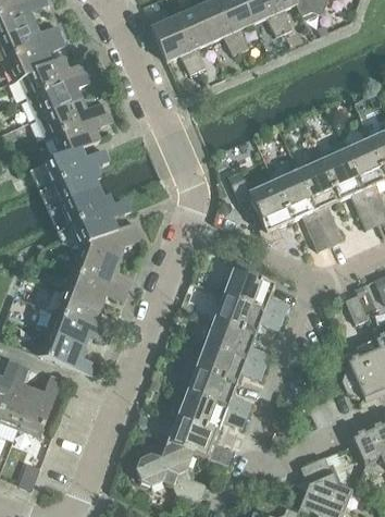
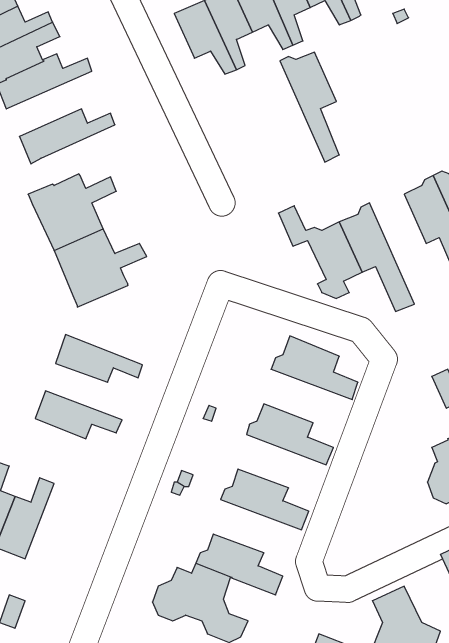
building: [25,70,94,119] -> none
building: [51,110,112,156] -> none
building: [298,162,343,245] -> [280,52,339,162]
building: [70,222,140,291] -> none
building: [54,290,115,332] -> none
building: [219,294,285,334] -> none
building: [32,331,99,376] -> none
building: [199,343,265,383] -> none
building: [181,392,247,432] -> none

